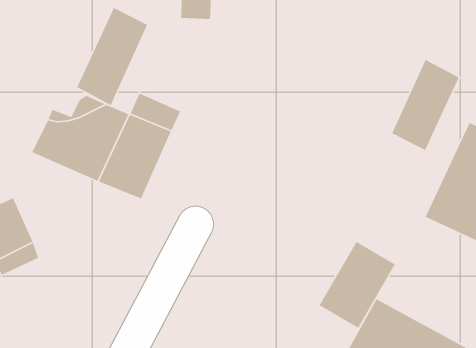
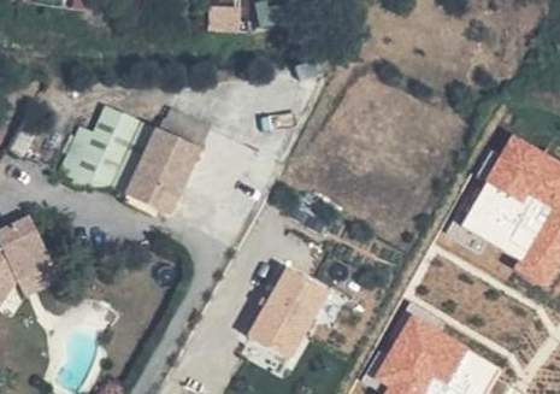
building: [76,7,148,106] -> none
building: [391,59,460,151] -> none
building: [318,241,396,329] -> [249,271,329,361]

